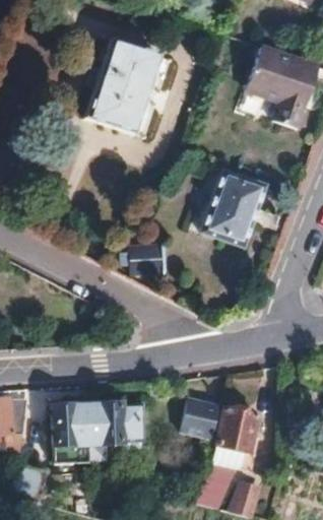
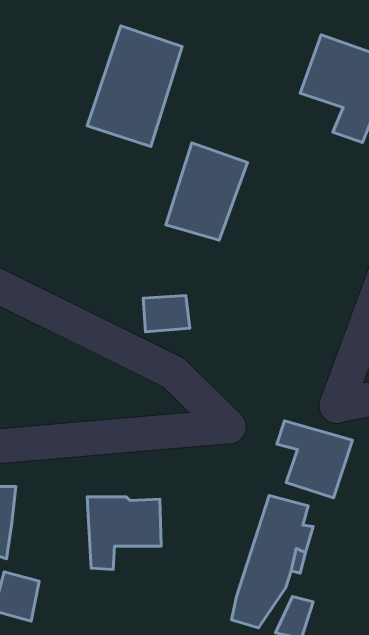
building: [198,162,262,239] -> [166,143,248,240]
building: none -> [277,421,352,498]
building: [180,392,217,431] -> none
building: [52,405,88,466] -> none

